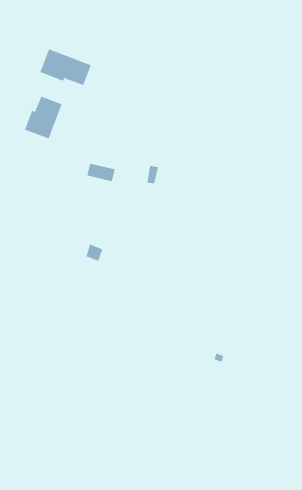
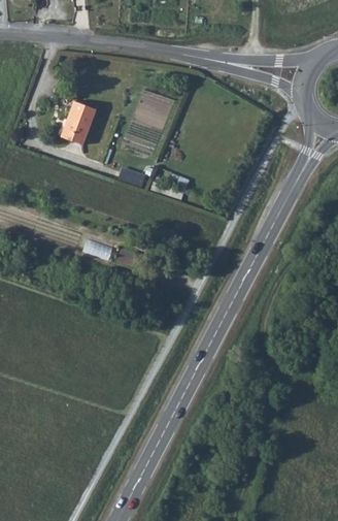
building: [39,49,92,86] -> none

